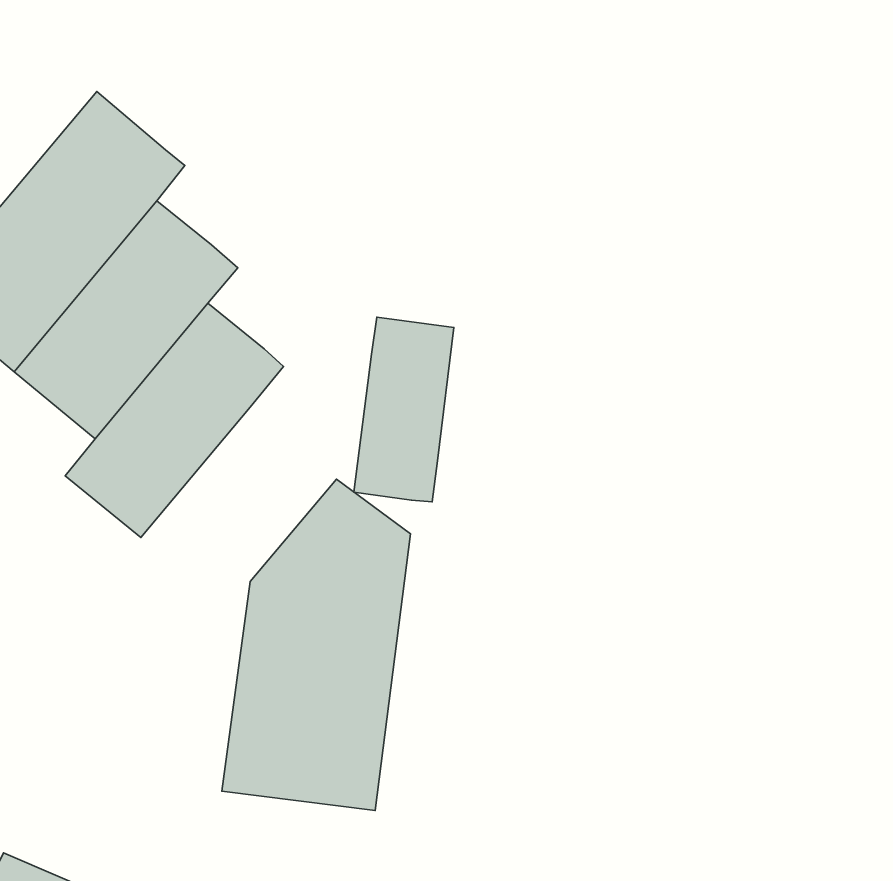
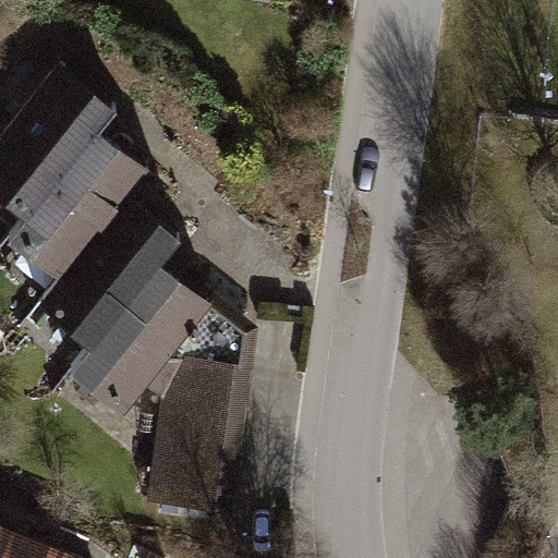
building: [354,317,454,502] -> none
building: none -> [66,264,208,414]

